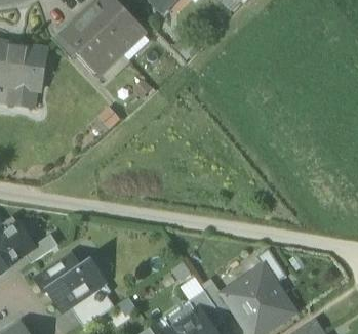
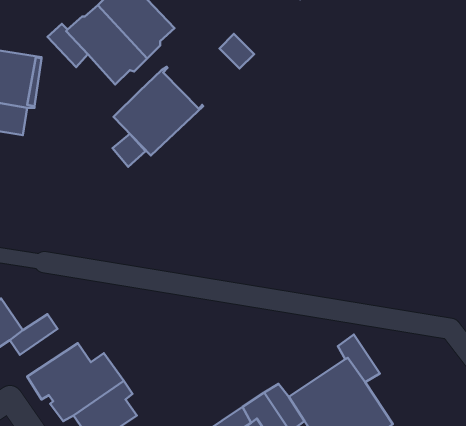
building: none -> [113,67,203,156]

